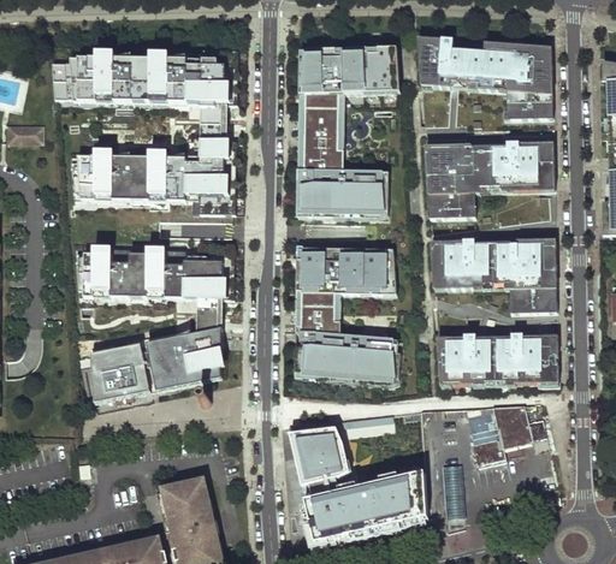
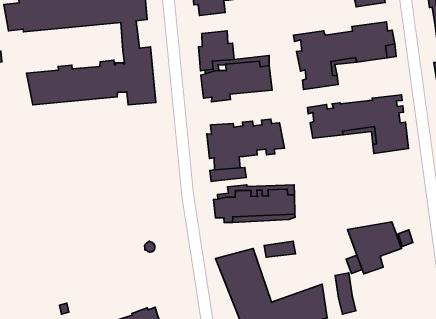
building: [298,106,344,130] -> none
building: [76,243,235,402] -> none
building: [300,323,340,342] -> none
building: [437,334,558,384] -> none

